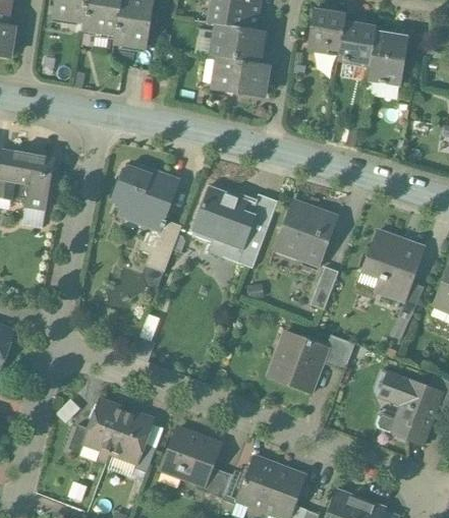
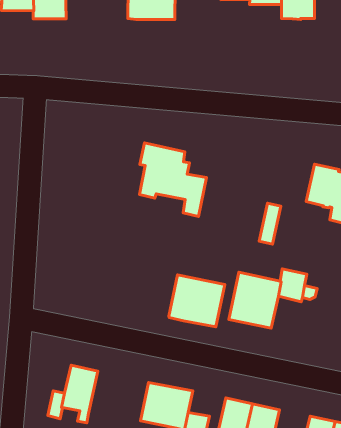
building: [212,57,266,97] -> none
building: [115,166,180,272] -> none
building: [246,193,276,229] -> none
building: [272,200,335,264] -> none
building: none -> [169,275,225,327]
building: [109,410,152,461] -> none

